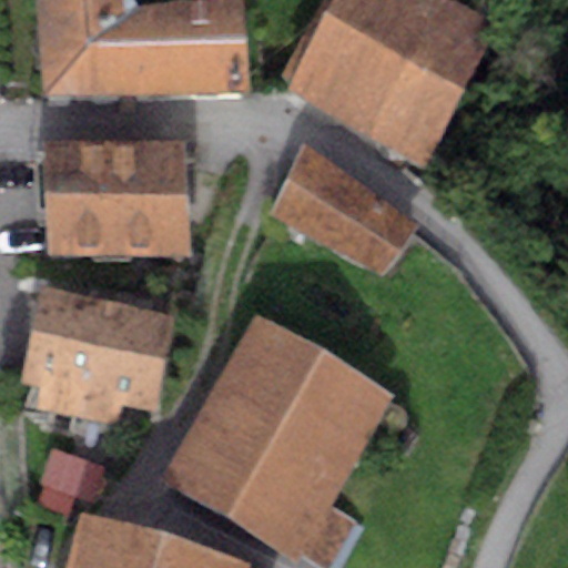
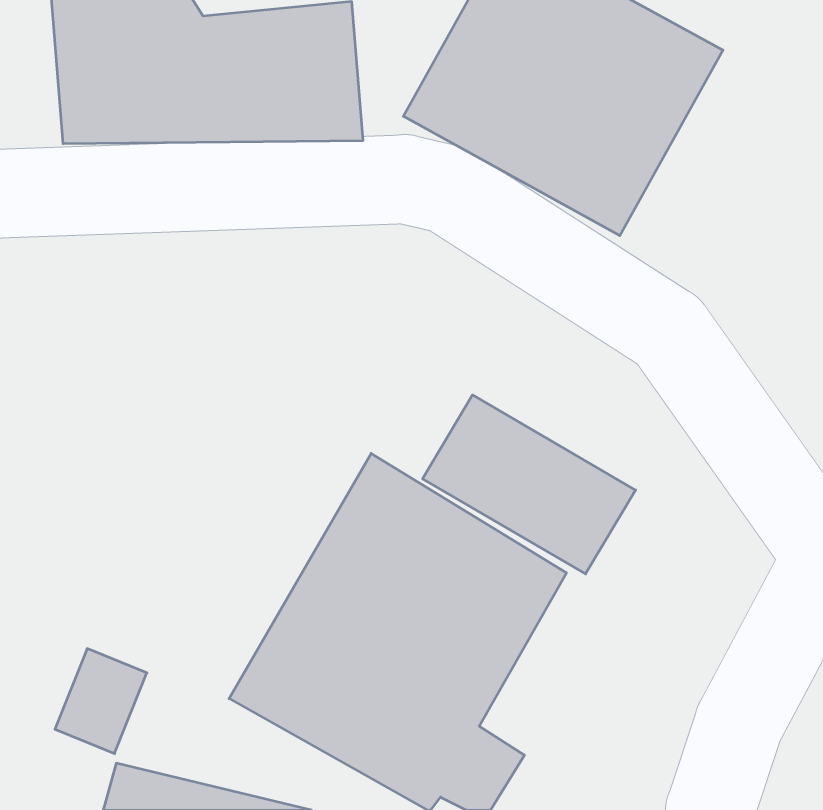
building: [41,142,193,258] -> none
building: [272,150,418,273] -> [423,395,636,574]
building: [20,288,173,424] -> none

